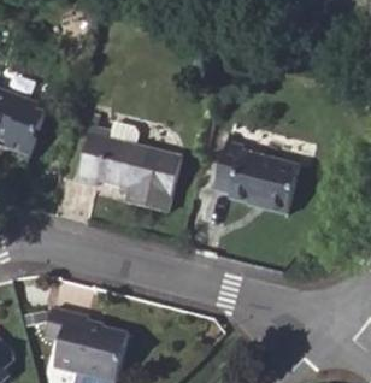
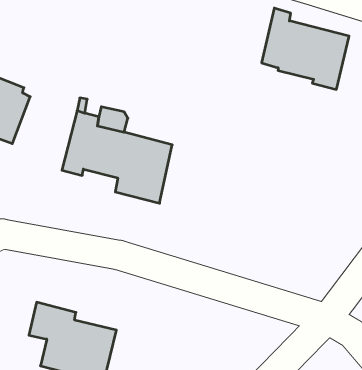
building: [216,137,299,214] -> [262,8,349,89]

